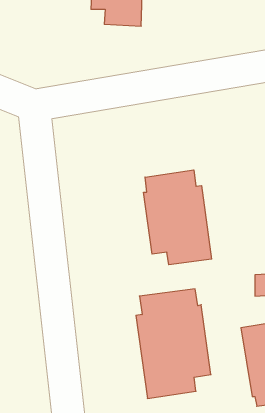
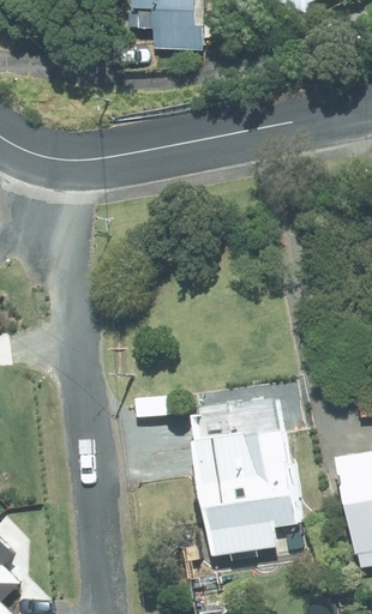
building: [144,170,212,265] -> none

